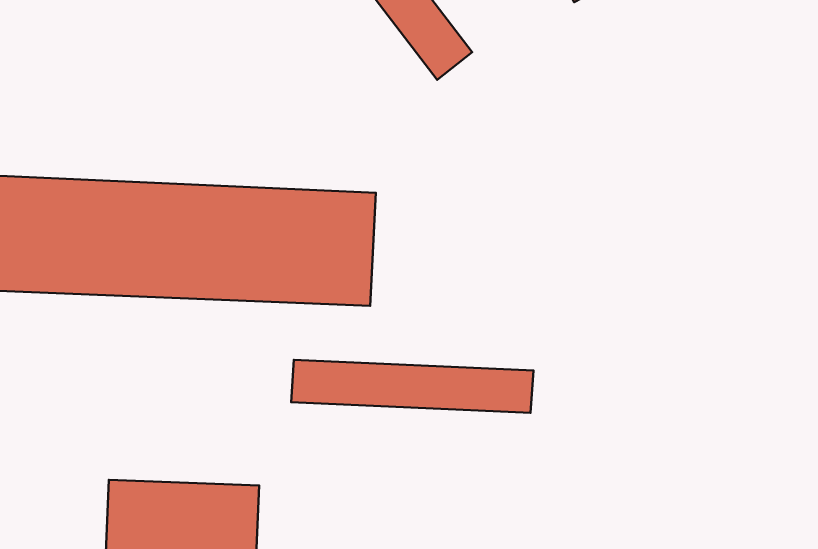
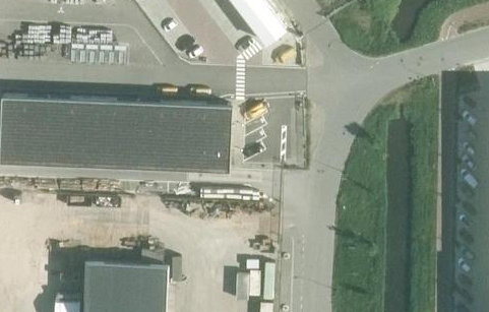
building: [291,360,533,413] -> none

